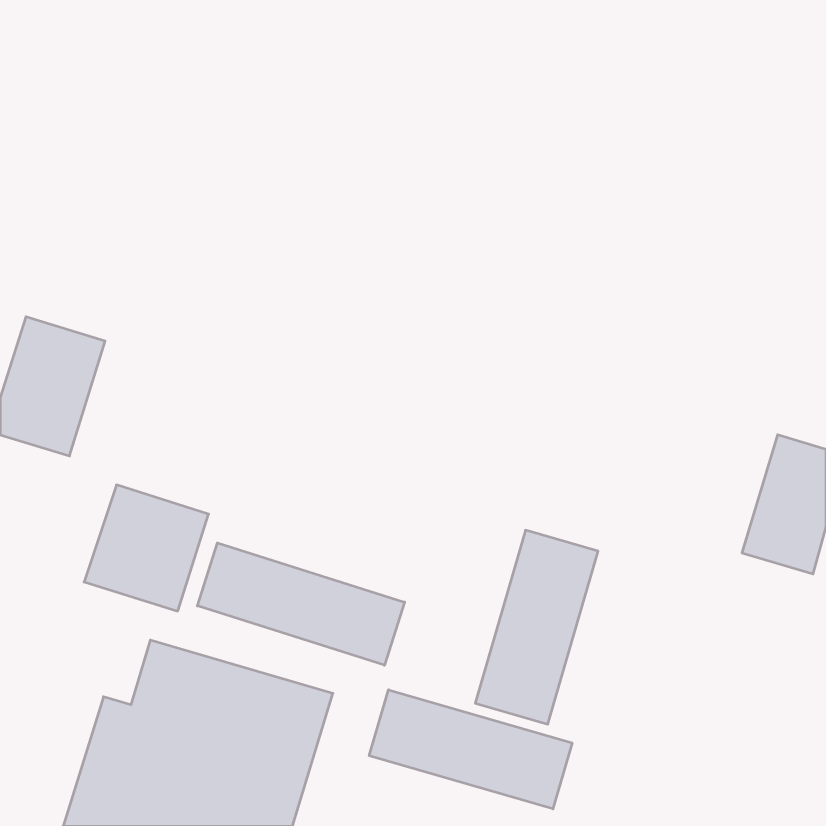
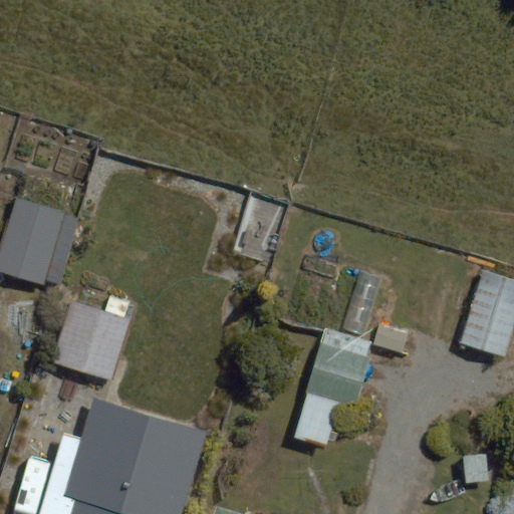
building: [197,543,405,665] -> none
building: [369,690,572,809] -> none

